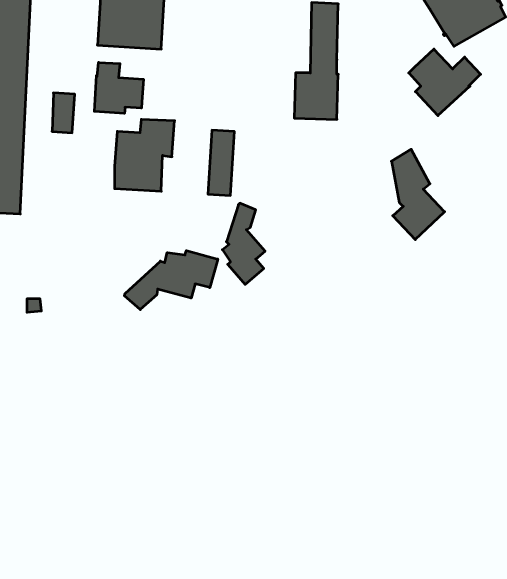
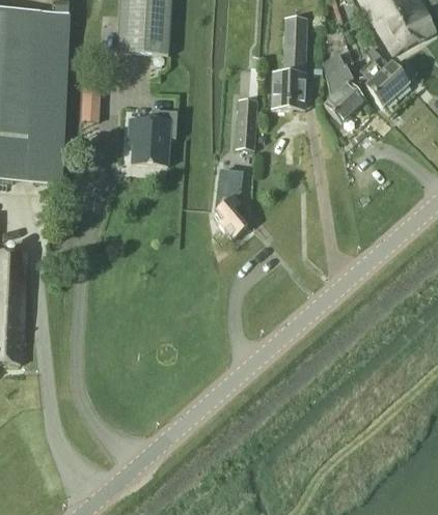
building: [94,62,143,113] -> none
building: [208,130,234,195] -> [236,97,256,148]
building: [391,149,445,240] -> [323,51,364,121]
building: [124,251,218,310] -> none

